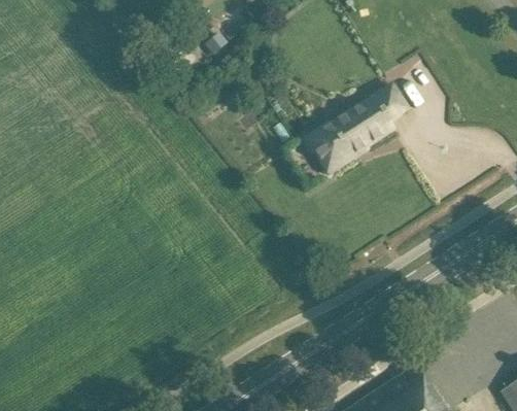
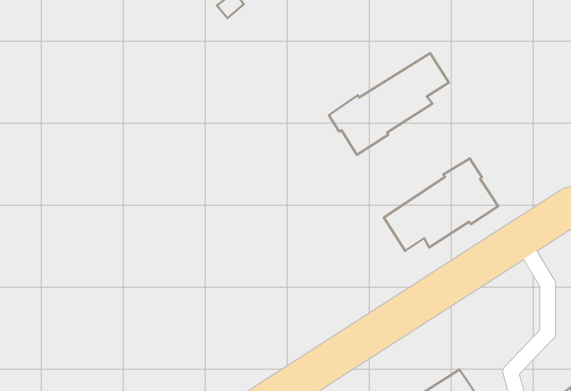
building: none -> [384,159,498,251]

